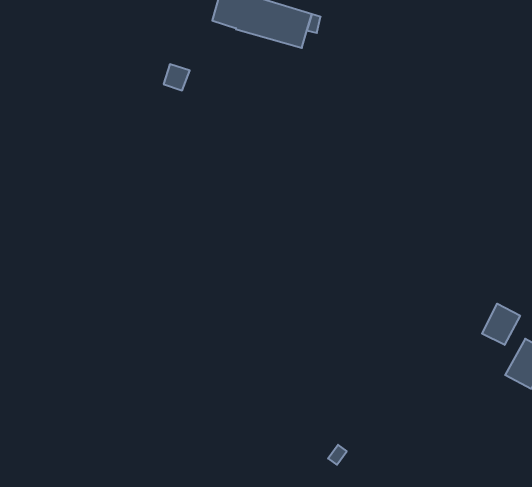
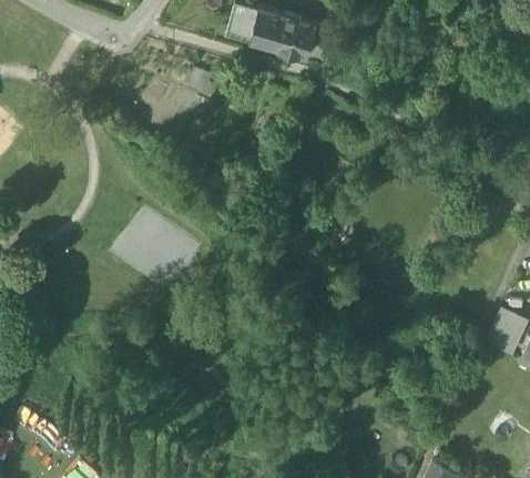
building: [482,304,520,345] -> none

